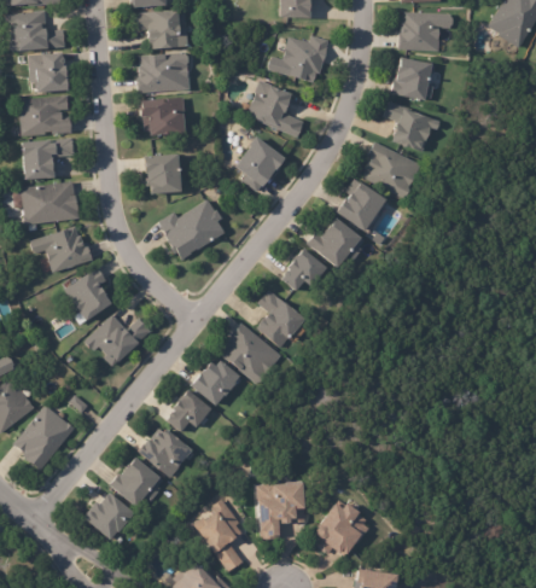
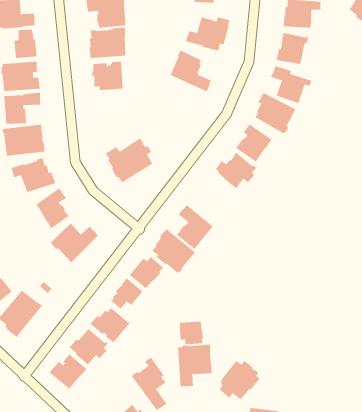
building: [235,136,285,191] -> none
building: [142,155,180,194] -> none
building: [281,249,327,291] -> none
building: none -> [179,321,204,345]

